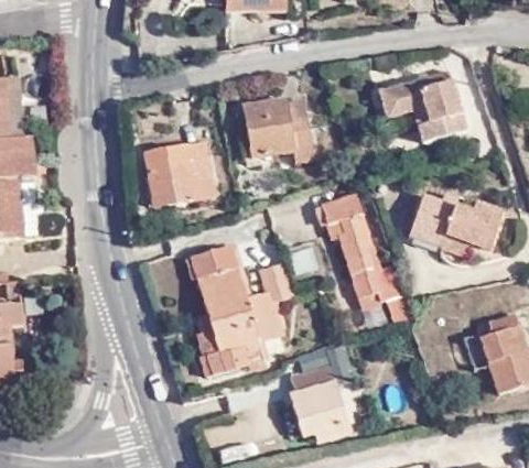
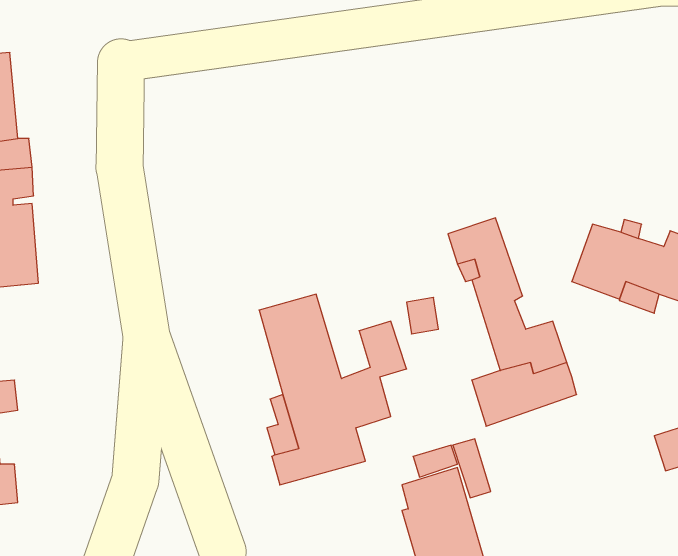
building: [378,68,467,142] -> none
building: [242,97,312,162] -> none
building: [144,140,216,207] -> none

